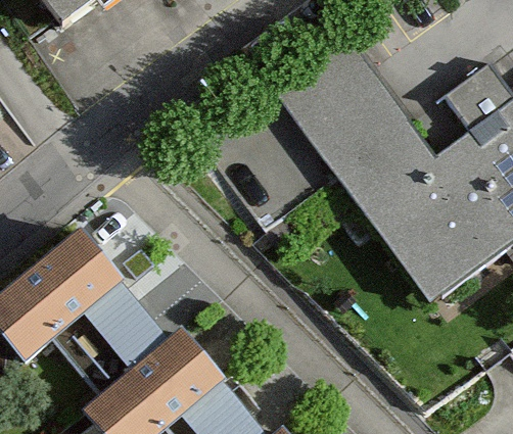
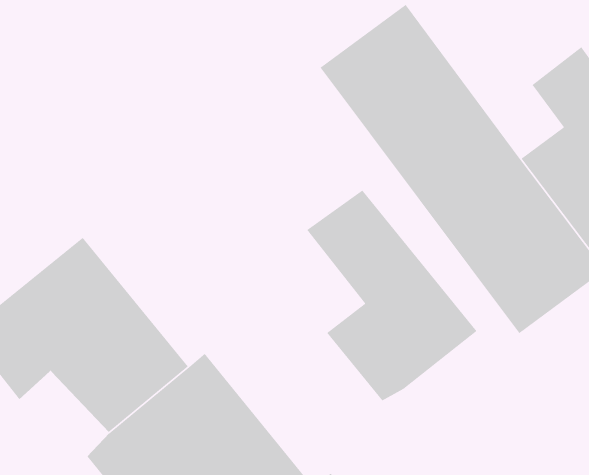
building: none -> [306,190,478,401]

